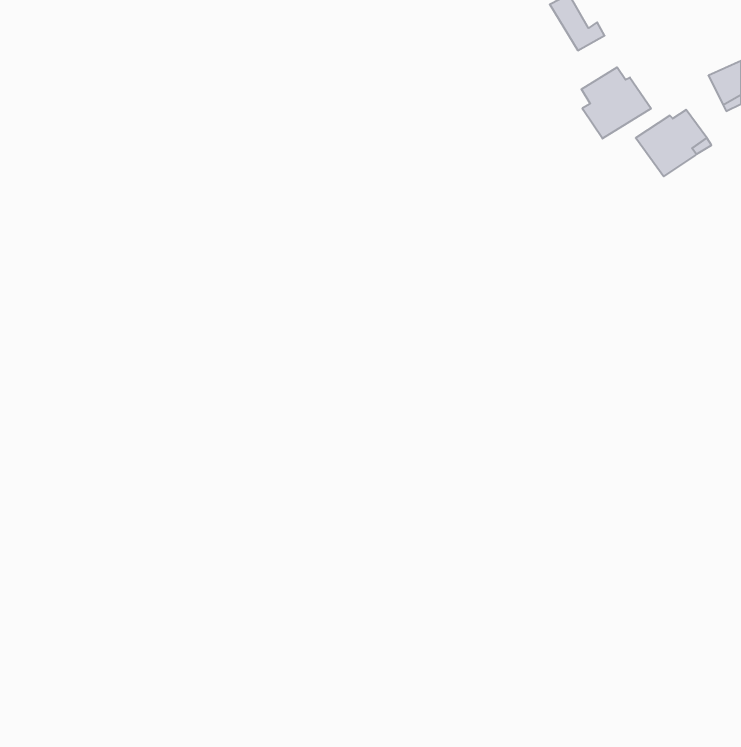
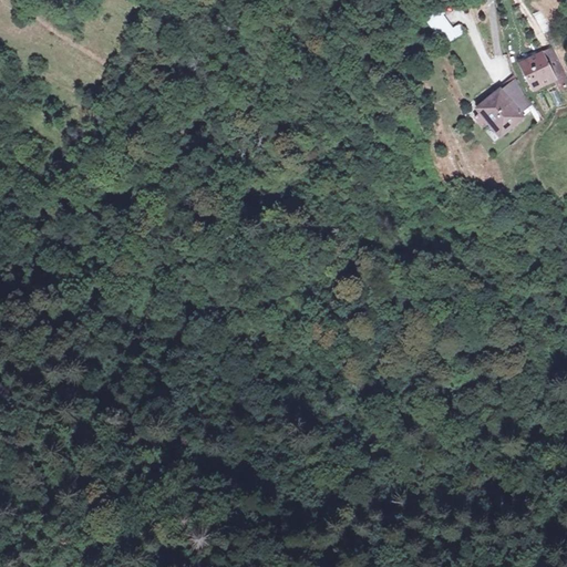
building: [581,67,651,139] -> none

